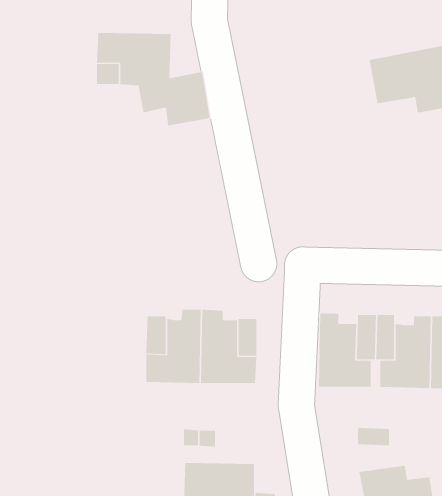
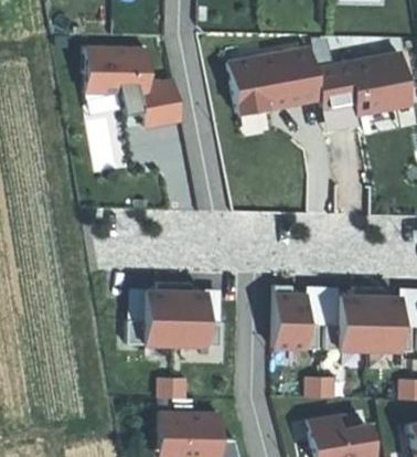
building: none -> [227,46,319,114]

